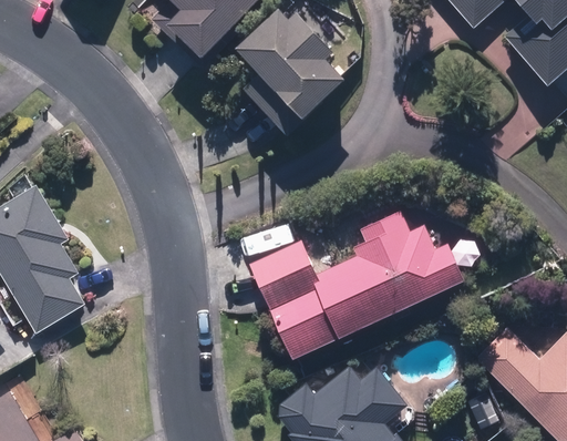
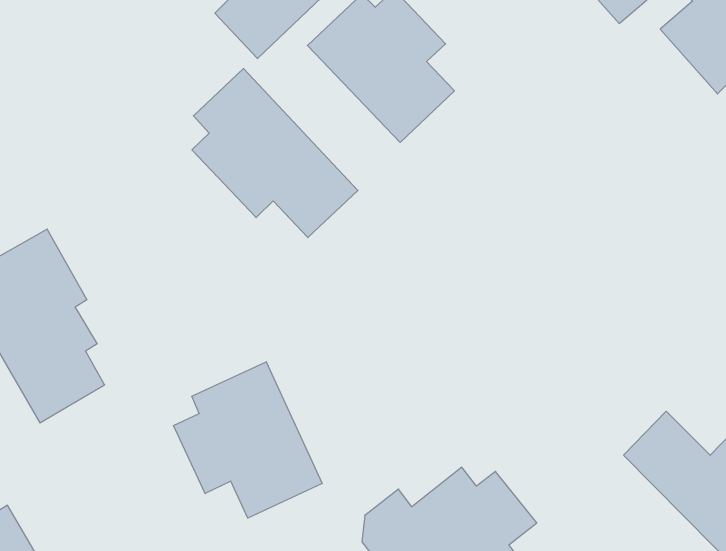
building: none -> [192,69,358,238]
building: [249,209,464,360] -> none
building: none -> [174,362,322,518]

